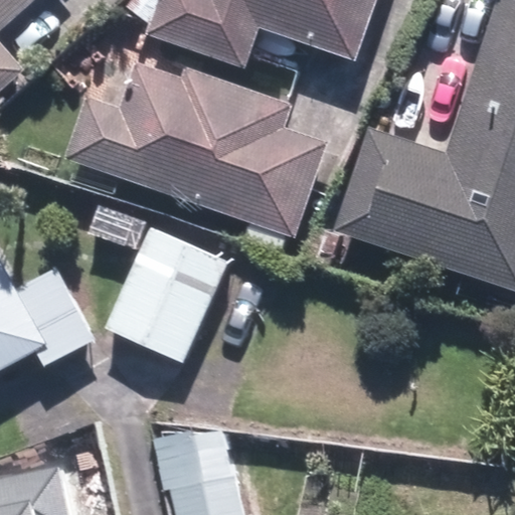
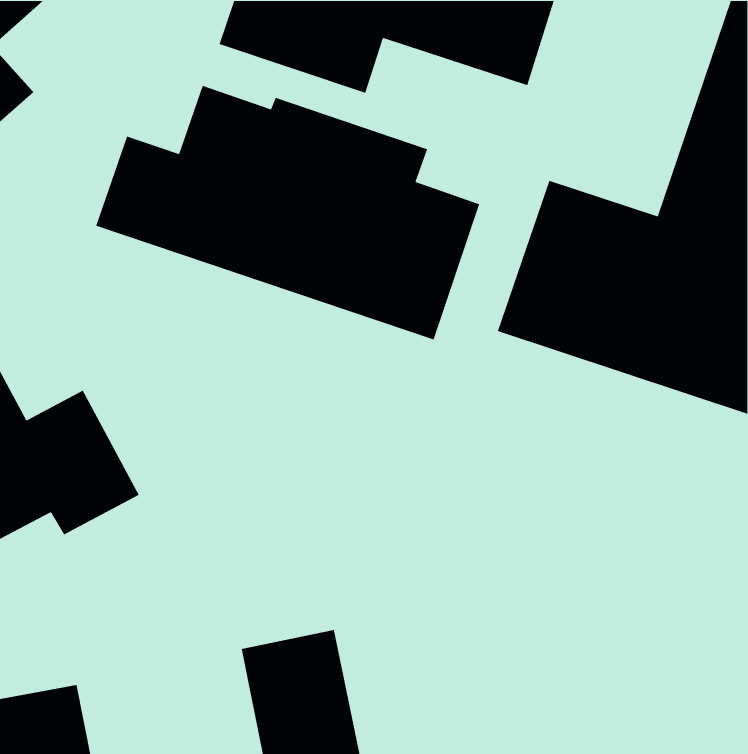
building: [107,227,227,360] -> none

